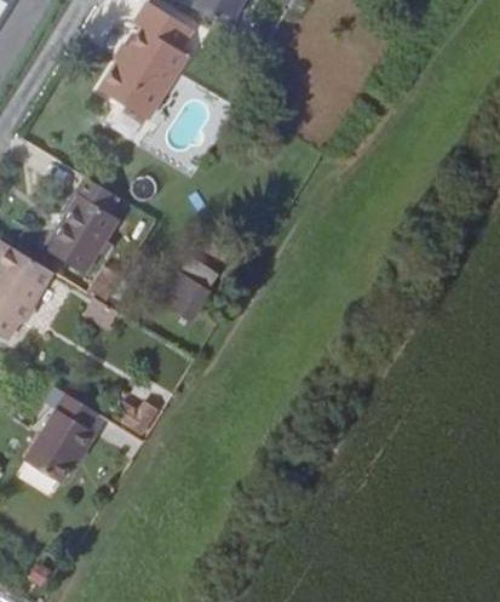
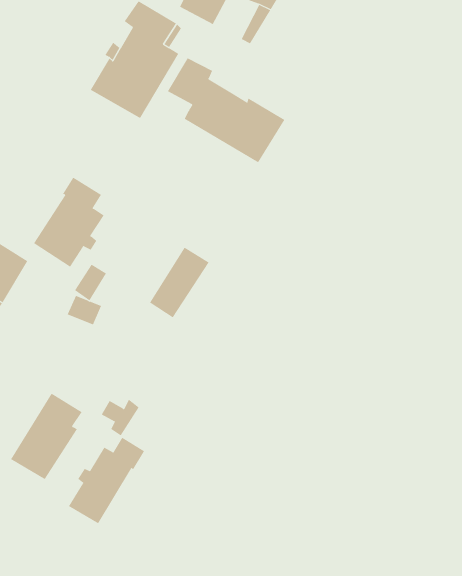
building: none -> [167,57,285,163]
building: none -> [68,437,145,524]

